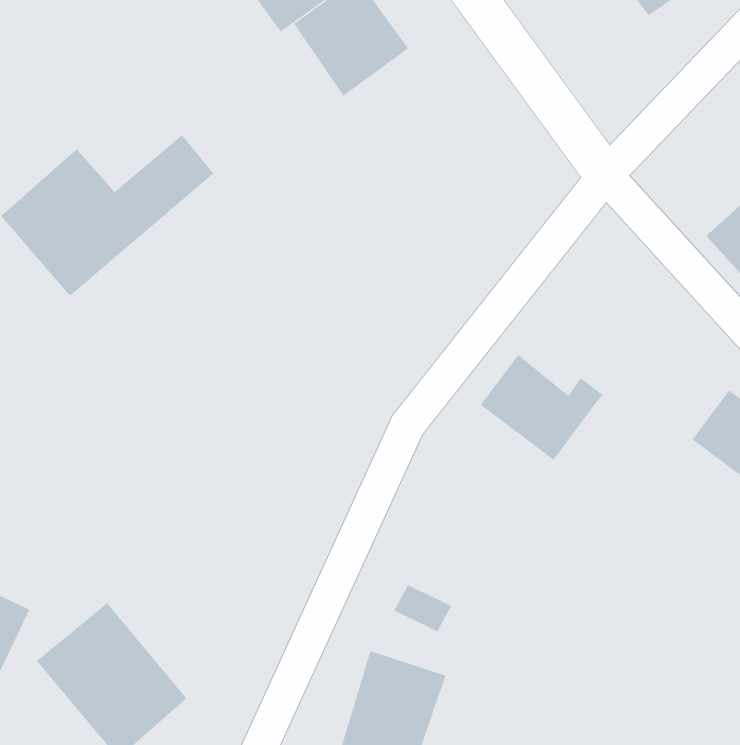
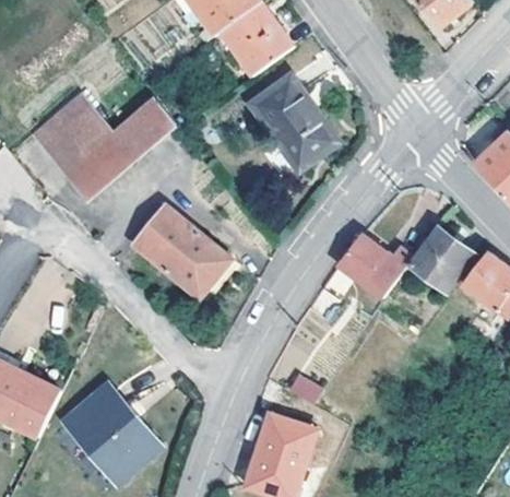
building: none -> [250,75,337,170]
building: none -> [134,206,229,296]
building: none -> [406,226,474,292]

